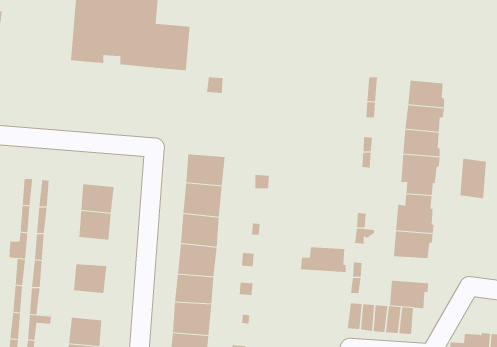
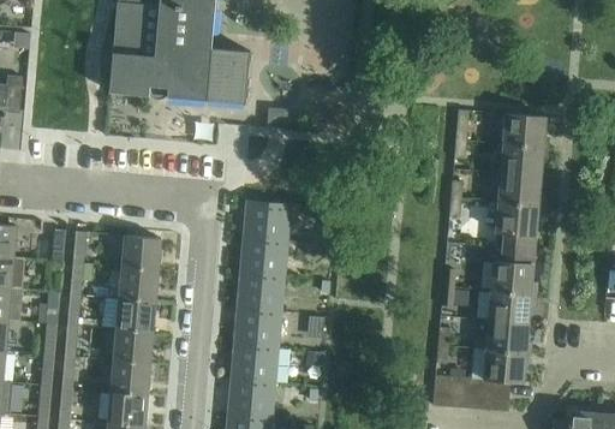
building: [460,158,487,199] -> none
building: none -> [115,298,155,332]
building: [300,247,346,273] -> [474,321,529,351]
building: none -> [111,361,149,395]

